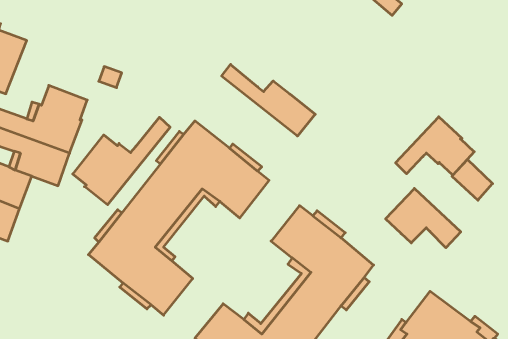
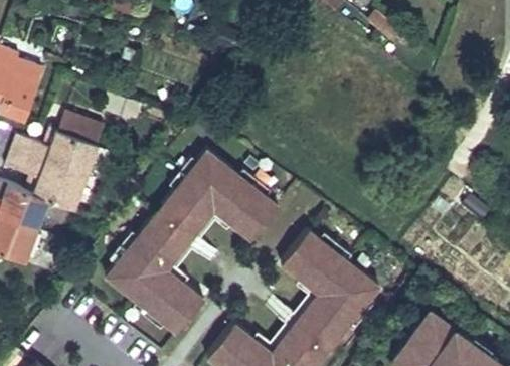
building: [222,64,315,136] -> none
building: [396,117,474,175] -> none
building: [73,117,170,205] -> none
building: [386,188,461,248] -> none

